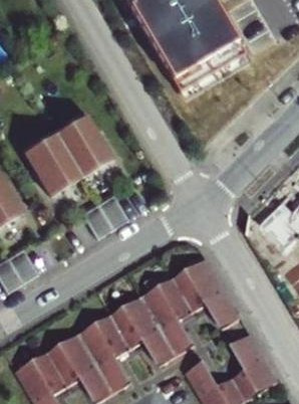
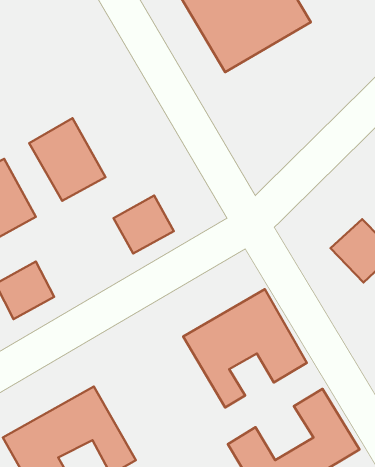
building: [61,107,124,173] -> none
building: [77,294,178,389] -> none

